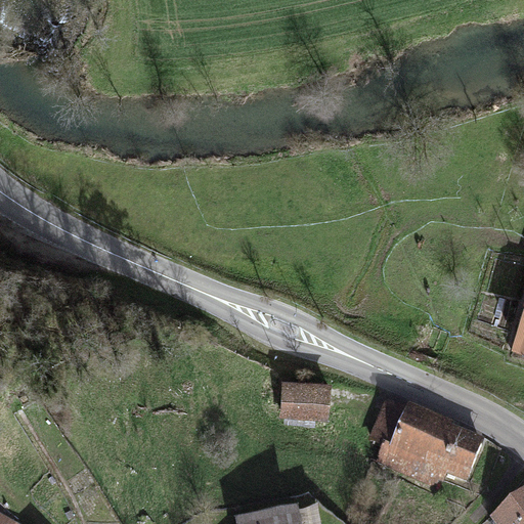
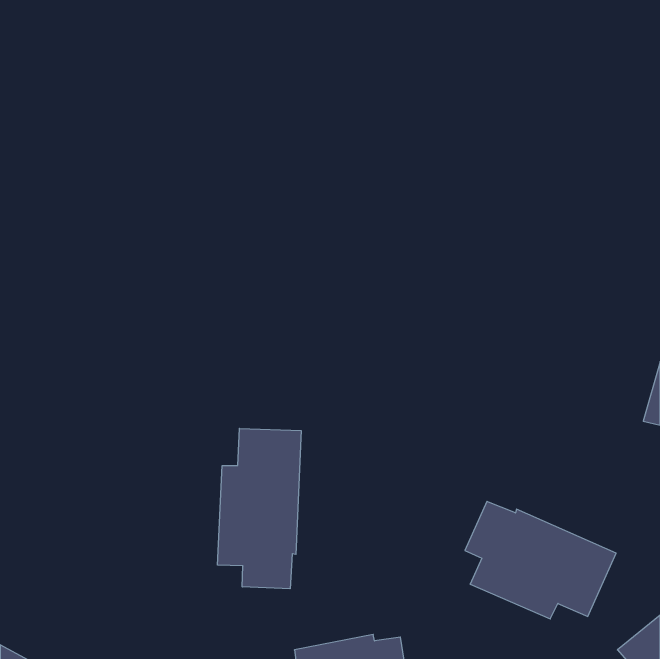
building: none -> [218,428,301,589]
building: [281,376,331,416] -> none

